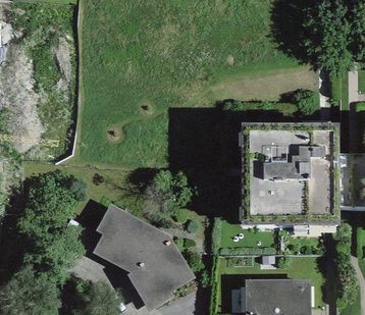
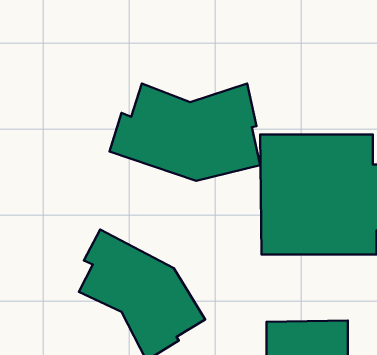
building: none -> [110,83,260,181]

